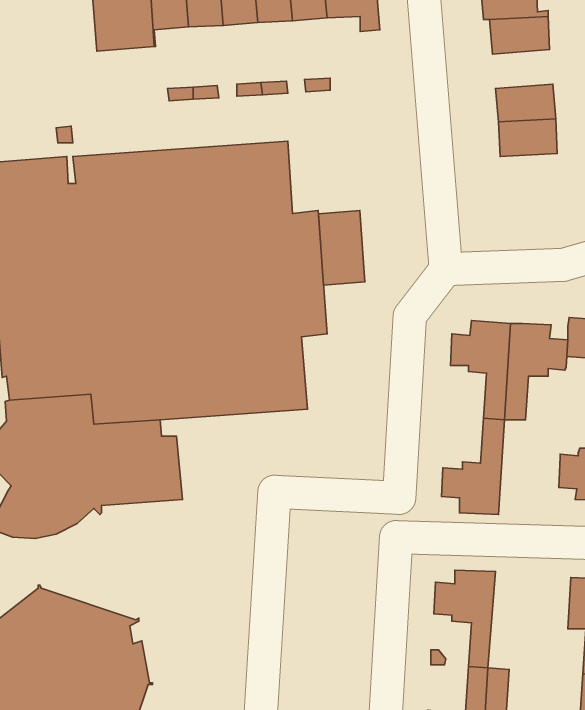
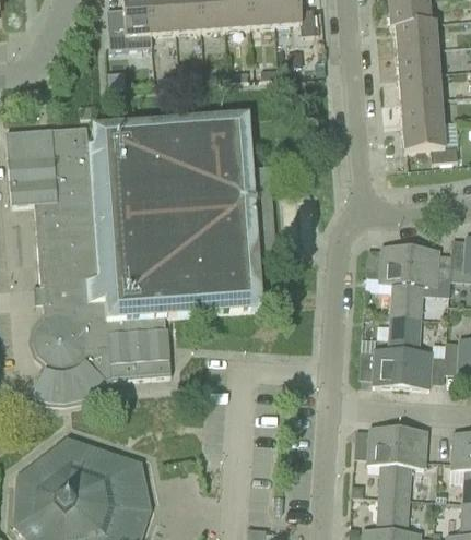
building: none -> [397,48,440,76]
building: none -> [402,123,458,161]
building: [318,211,365,285] -> none
building: none -> [401,316,433,387]
building: none -> [393,427,427,497]

